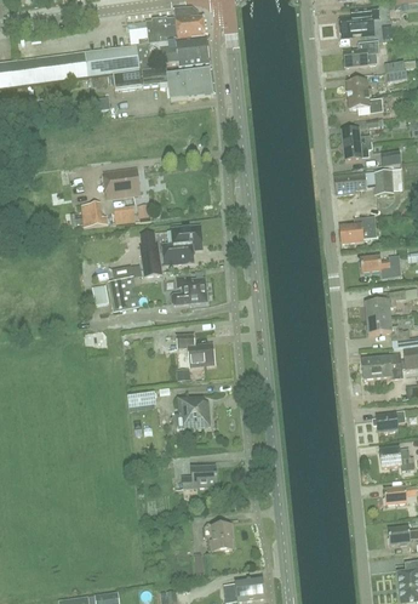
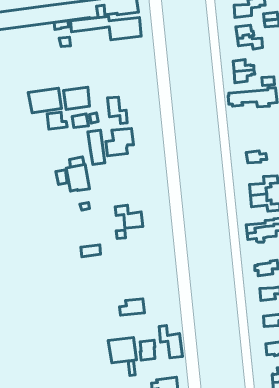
building: none -> [28,88,62,113]
building: none -> [108,97,127,124]
building: [339,216,376,244] -> none
building: [171,273,207,303] -> none
building: [174,397,208,427] -> none
building: none -> [159,326,182,358]
building: none -> [108,337,136,363]

